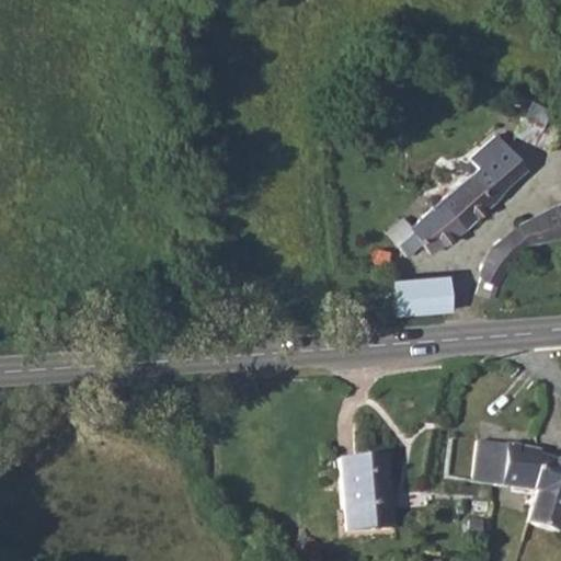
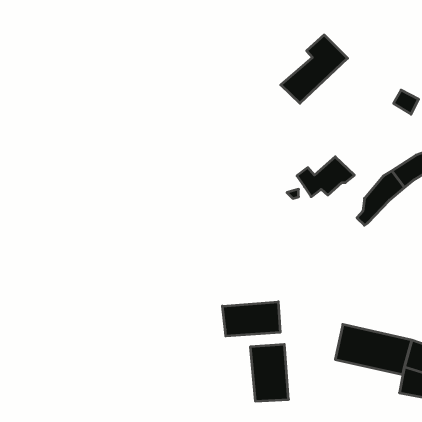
building: [446,140,534,230] -> [281,35,348,103]
building: [390,271,453,311] -> none
building: none -> [222,302,280,336]

